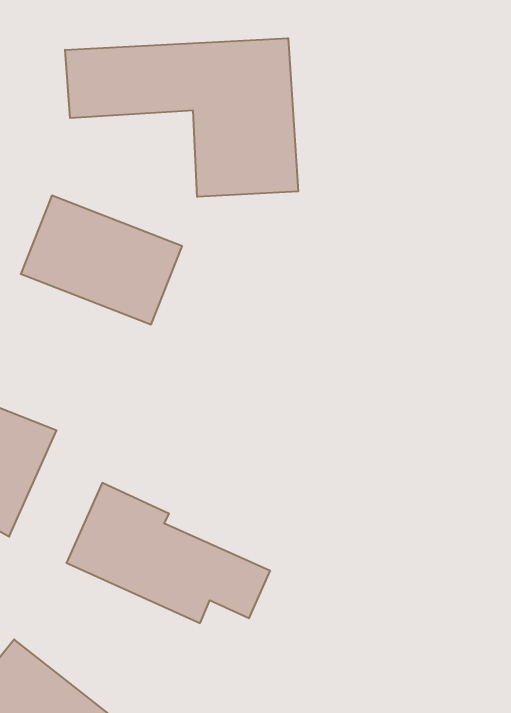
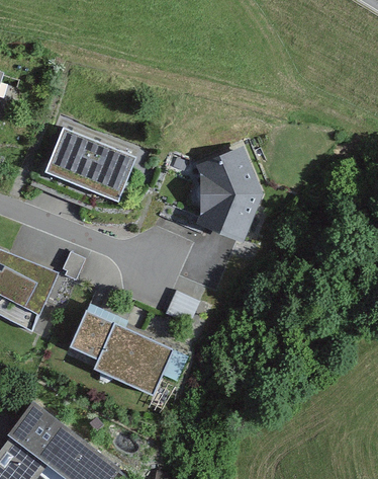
building: [65,38,298,197] -> none
building: none -> [195,147,262,244]

